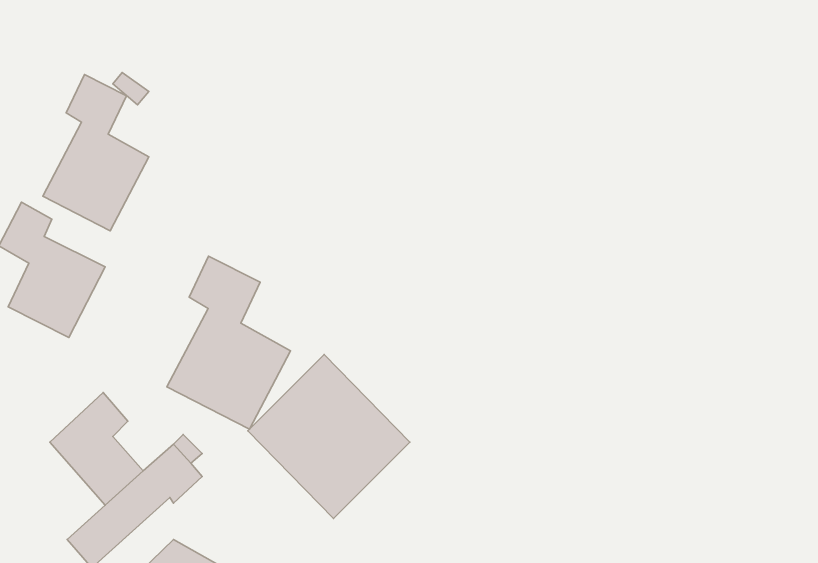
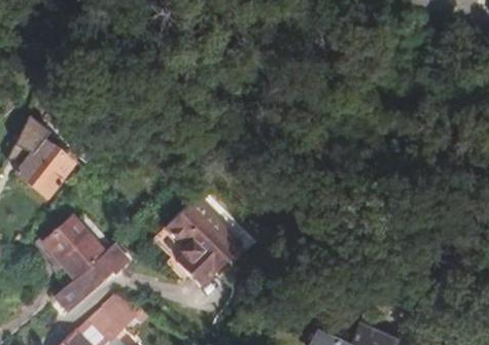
building: [43,74,149,231] -> none
building: [167,256,291,429] -> none

